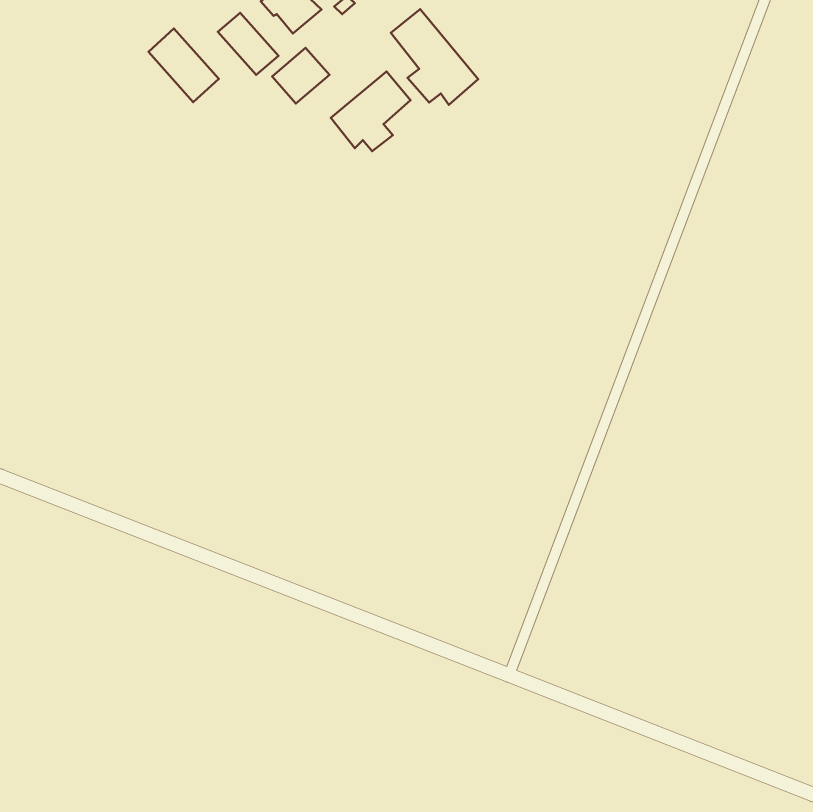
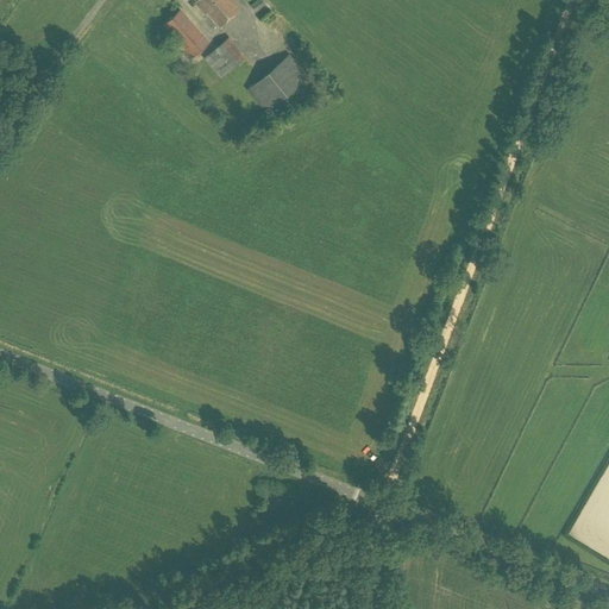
building: [391,9,478,105] -> none
building: [149,28,219,102] -> none

